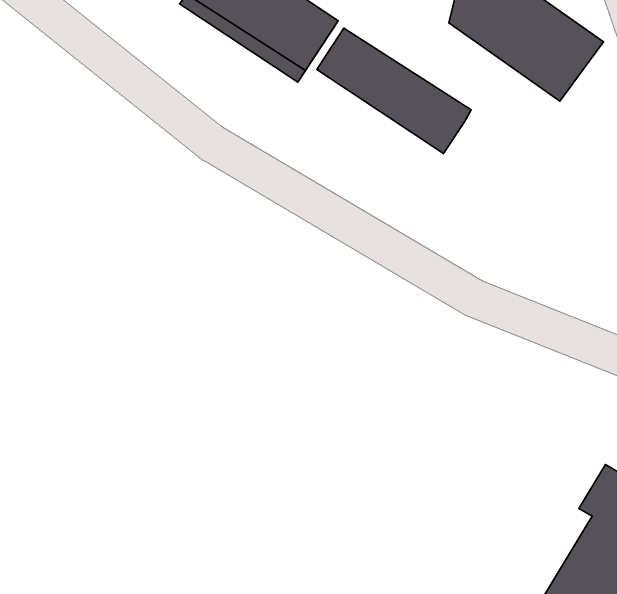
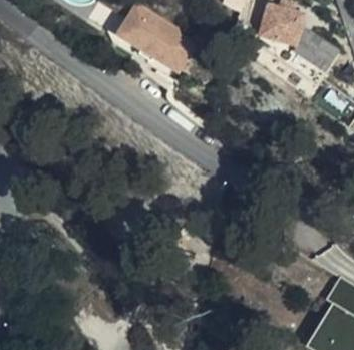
building: [317,28,471,153] -> none

